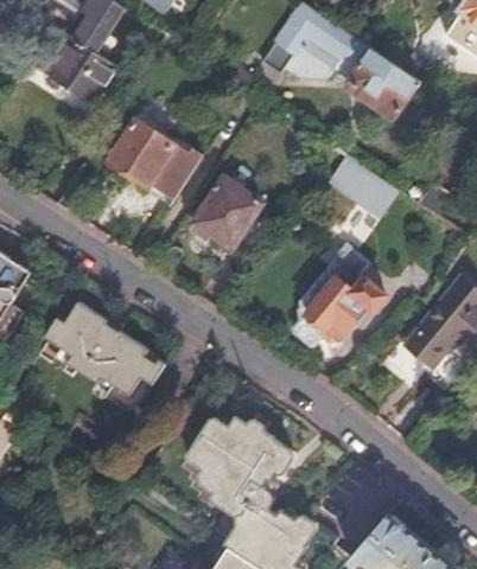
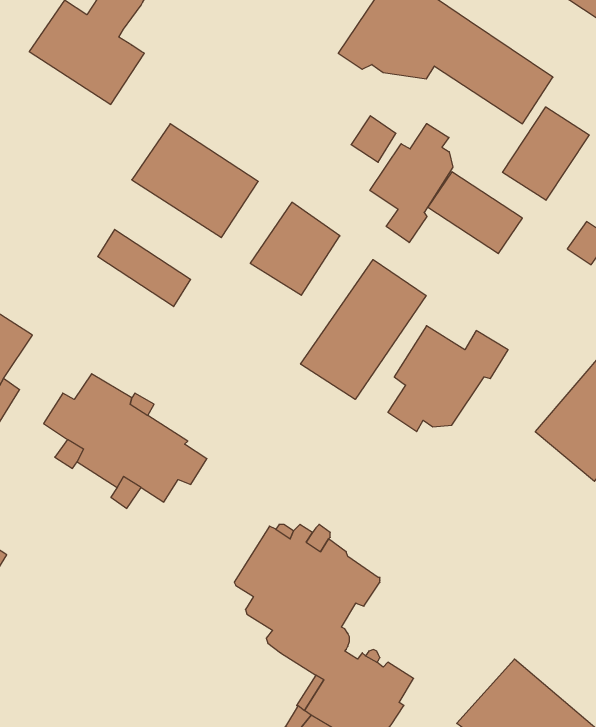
building: none -> [503,107,589,200]
building: none -> [370,124,453,243]
building: none -> [98,229,191,307]
building: none -> [301,260,426,399]

